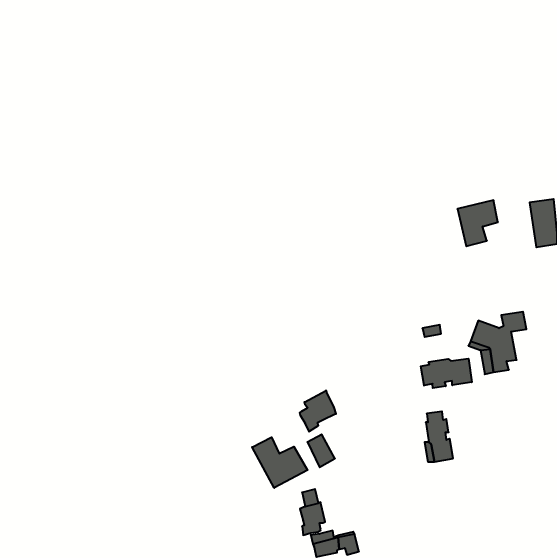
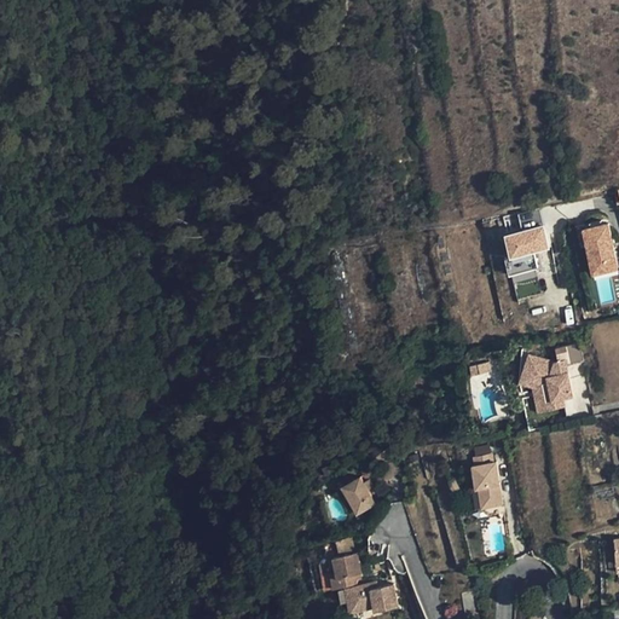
building: [421,359,472,388] -> none
building: [300,390,336,432] -> none
building: [252,437,308,488] -> none

